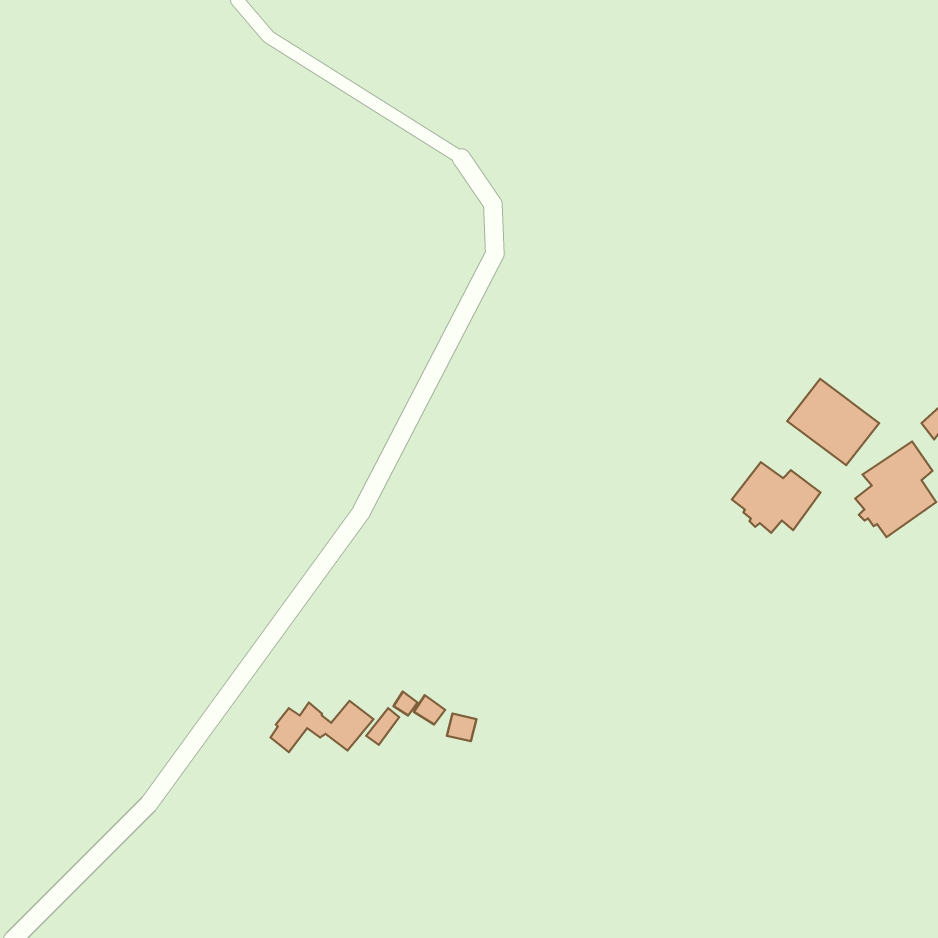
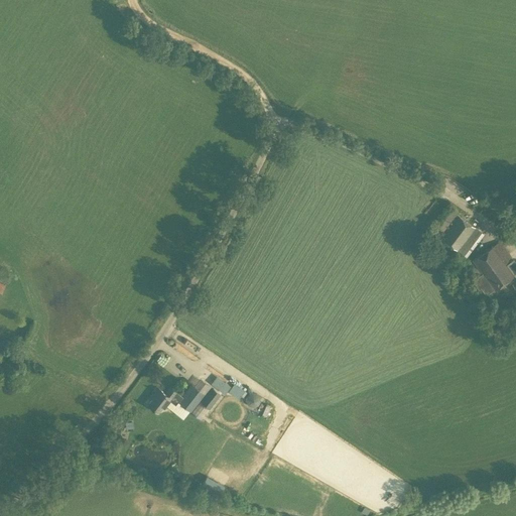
building: [732,462,820,533] -> none

